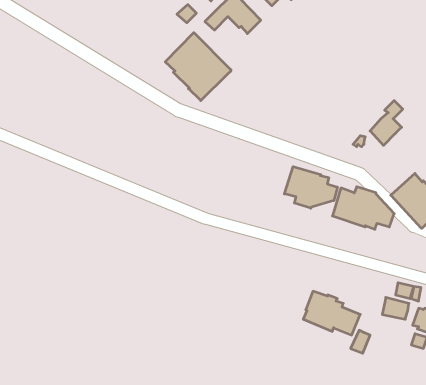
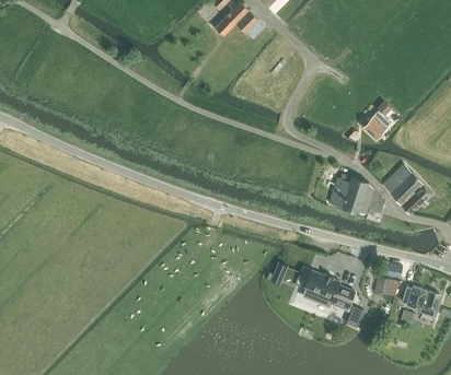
building: [165,33,231,101] -> none
building: [284,167,337,208] -> none

